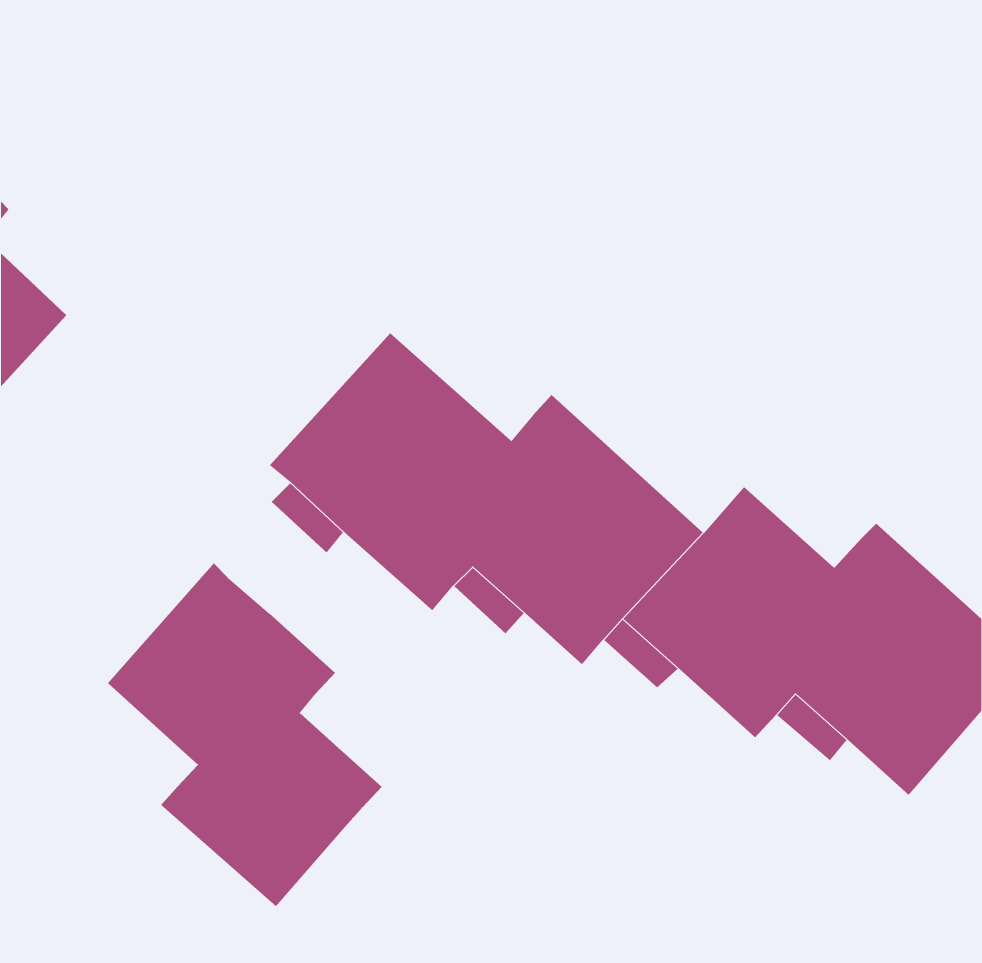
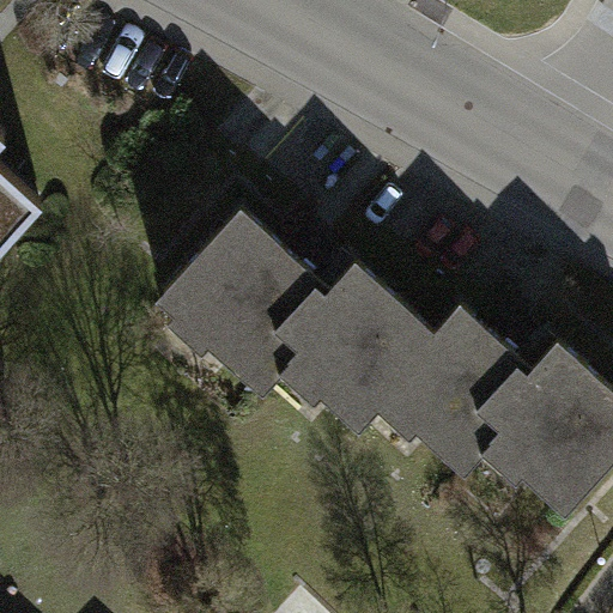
building: [107,563,382,907] -> none

